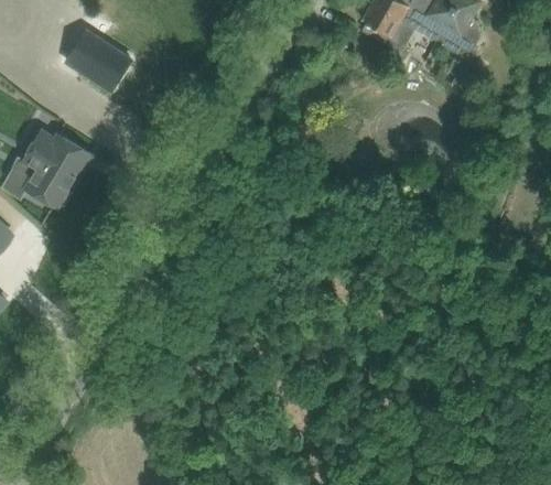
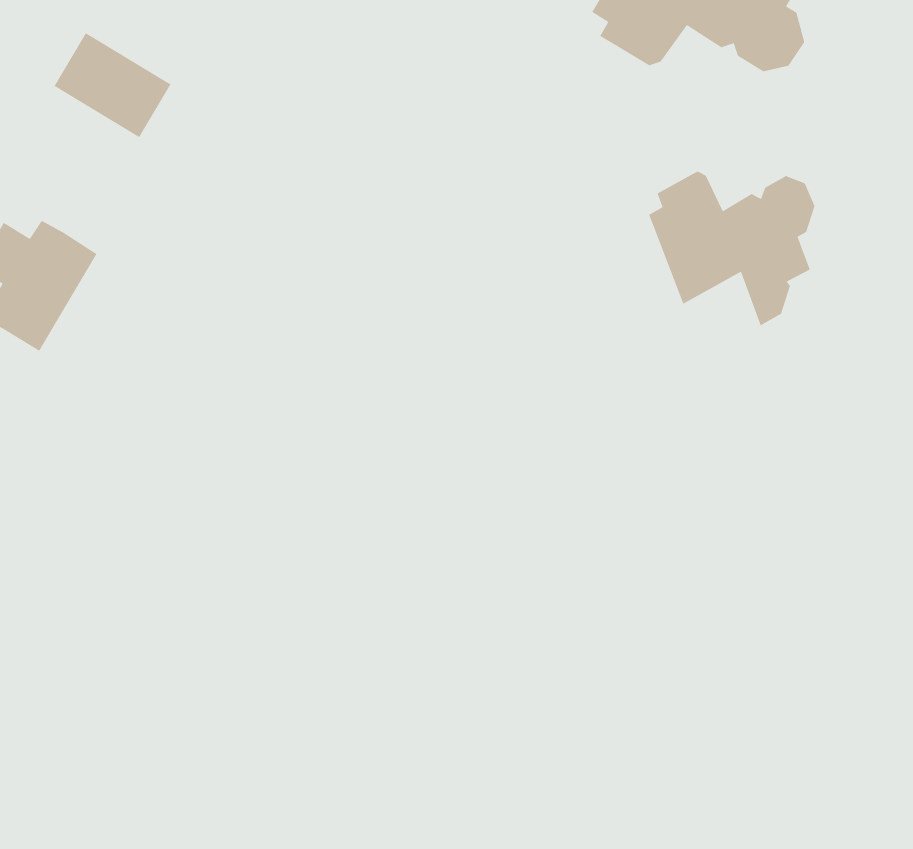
building: none -> [648,170,816,326]

